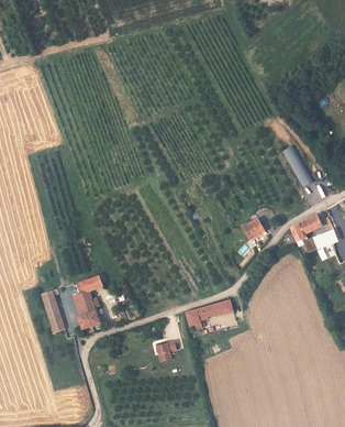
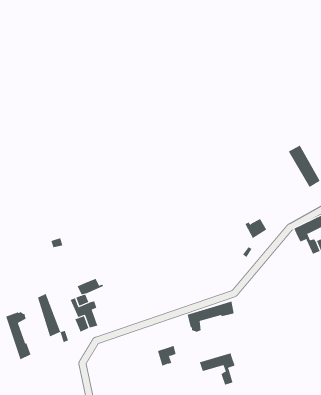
building: none -> [6,311,31,360]
building: none -> [199,352,235,386]

